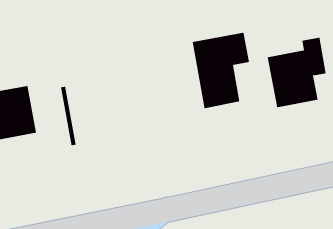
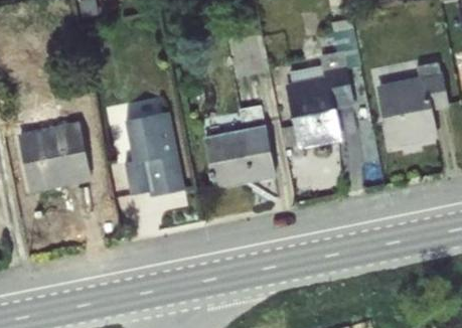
building: none -> [126,109,187,195]
building: none -> [204,126,273,184]

